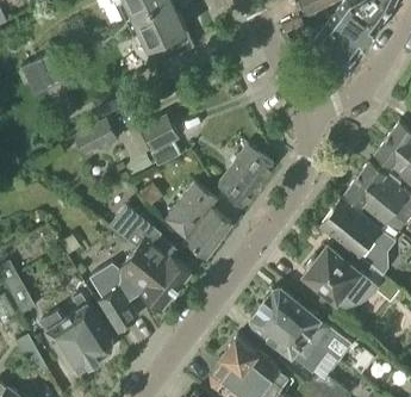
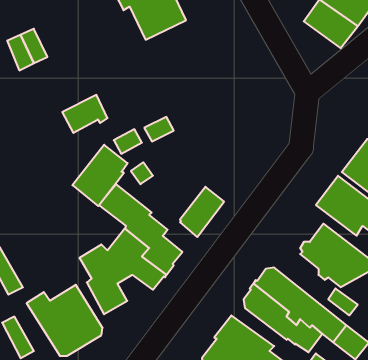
building: [142,116,180,153] -> none
building: [216,147,273,207] -> none
building: [163,182,217,242] -> [72,145,128,206]

